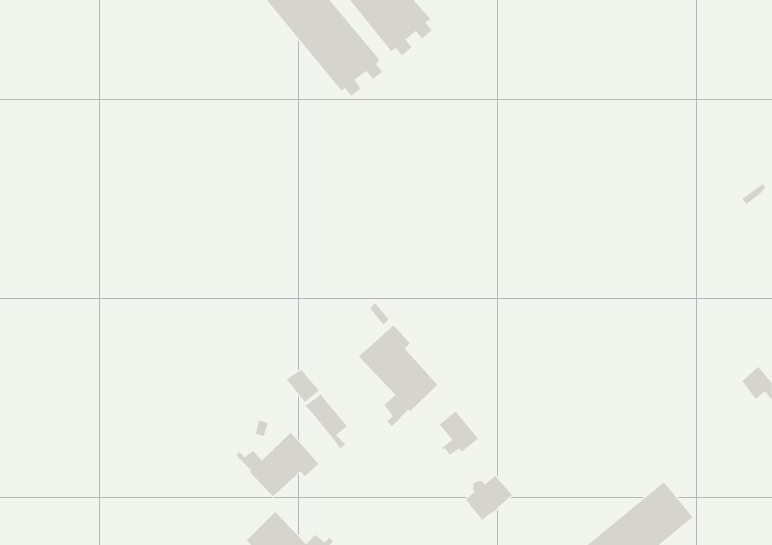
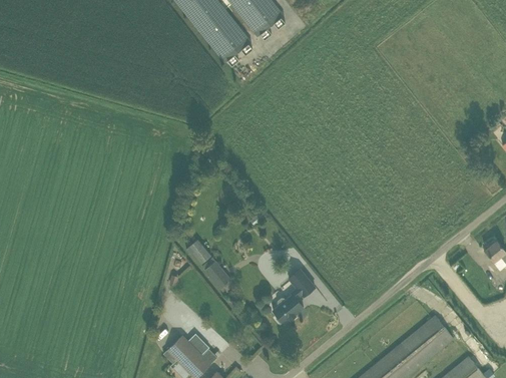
building: [358,324,438,427] -> none
building: [235,432,319,497] -> none
building: [465,475,513,521] -> [272,293,303,323]

